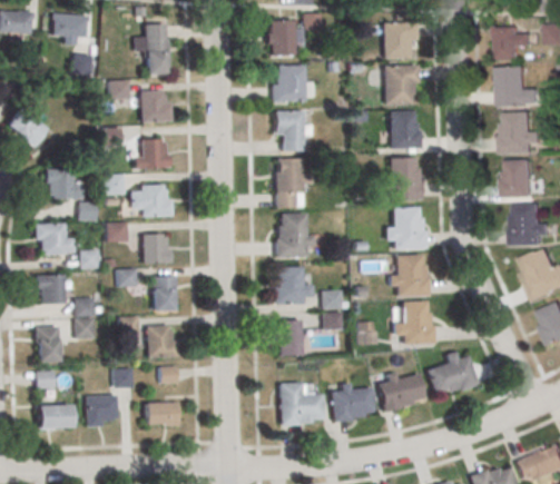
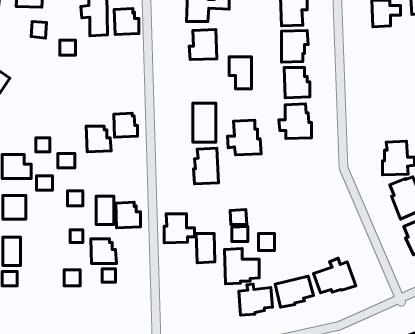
building: [500,69,542,107] -> none
building: [139,90,170,122] -> [114,9,139,34]
building: [274,111,302,151] -> [229,57,251,89]
building: [504,112,544,154] -> none
building: [139,139,169,169] -> [114,113,138,137]
building: [505,160,536,198] -> none
building: [45,168,81,197] -> none
building: [386,207,429,250] -> [227,120,261,155]
building: [141,233,173,265] -> [116,202,141,228]
building: [391,255,432,297] -> none
building: [275,268,313,305] -> [164,214,194,243]
building: [76,296,94,336] -> none
building: [395,302,436,346] -> none
building: [281,383,324,427] -> [225,248,259,284]
building: [86,389,117,424] -> none
building: [146,401,180,424] -> none
building: [39,403,72,426] -> none

